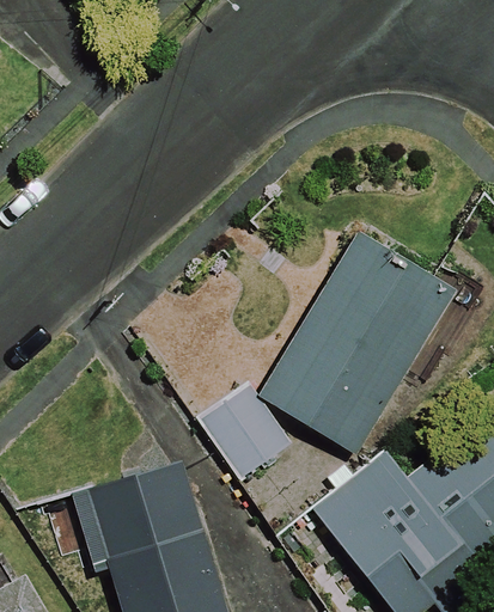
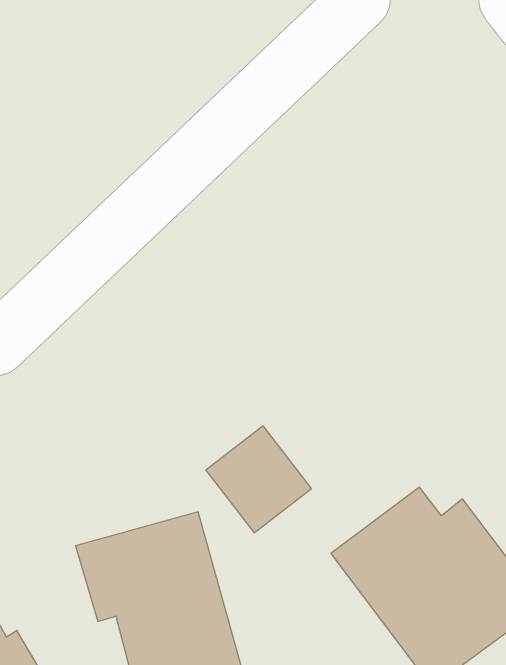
building: [260,231,457,451] -> none

